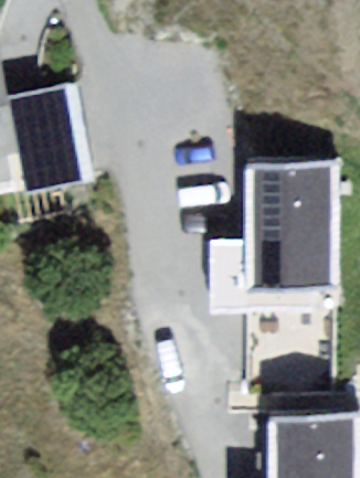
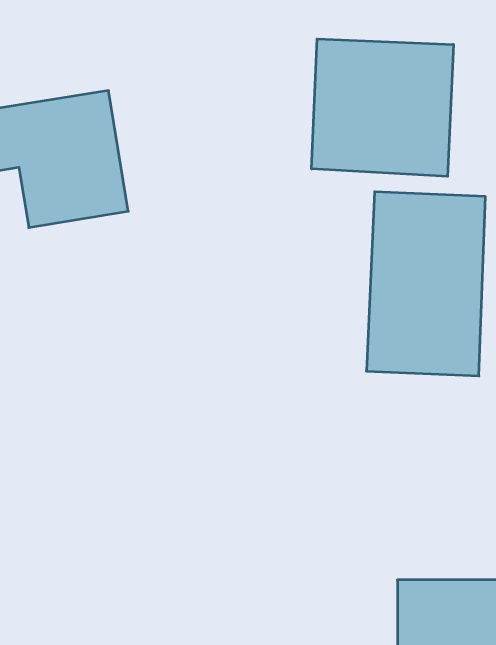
building: none -> [312,39,453,176]

